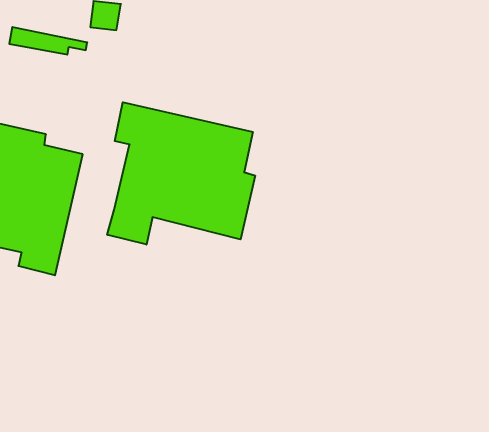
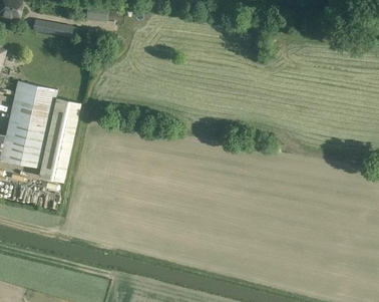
building: [107,102,255,245] -> none

